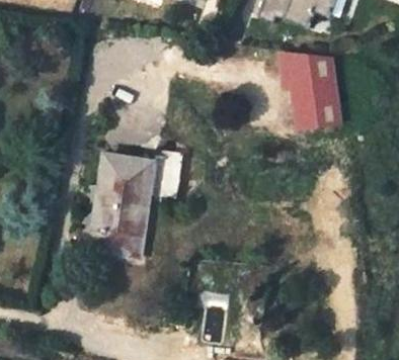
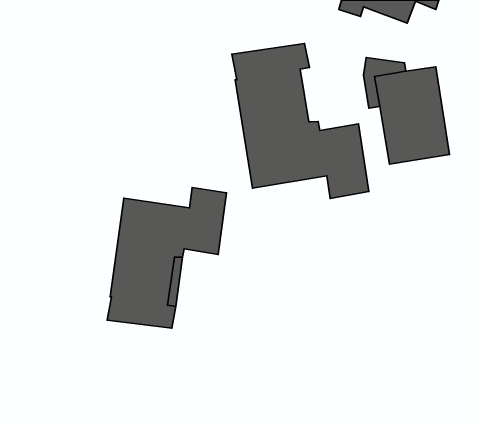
building: none -> [232,43,369,198]

